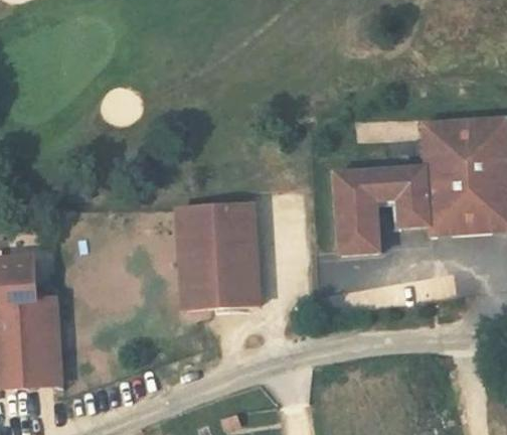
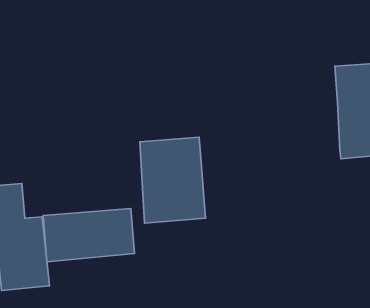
building: [329,156,425,246] -> none
building: none -> [43,209,134,262]

